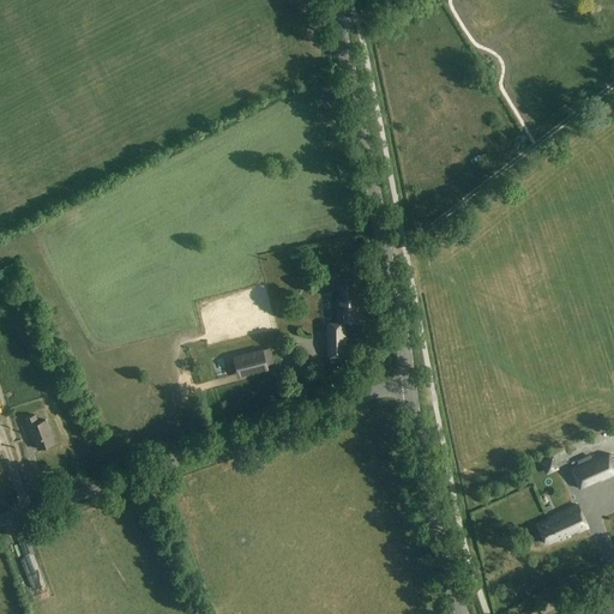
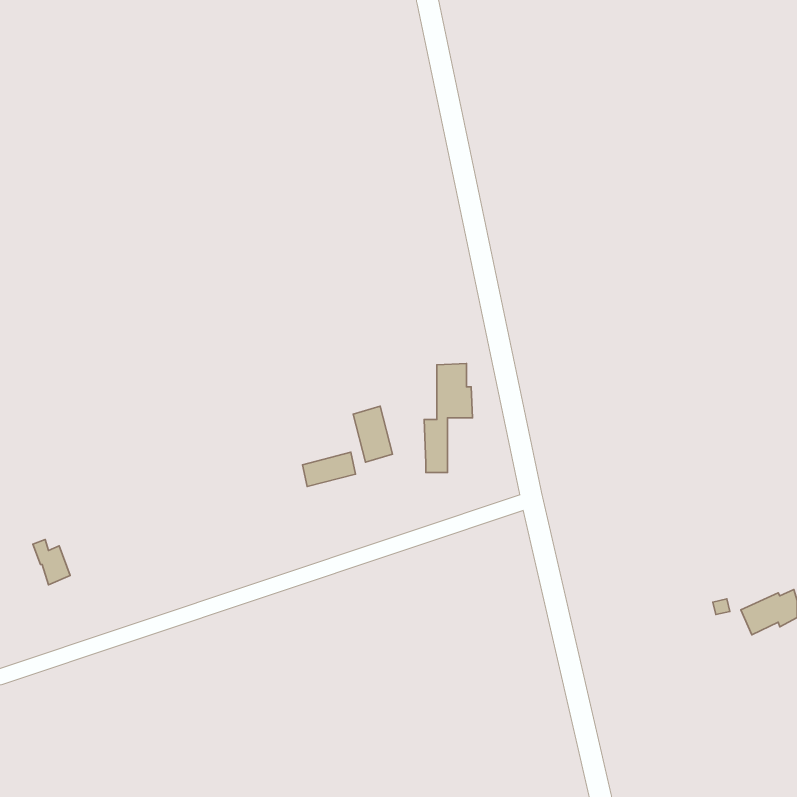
building: none -> [353,406,393,462]
building: [536,505,588,544] -> none

